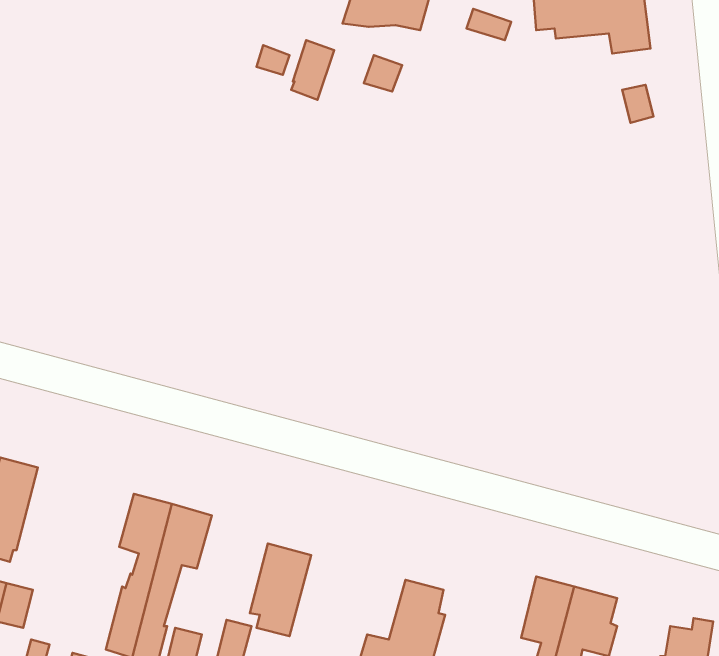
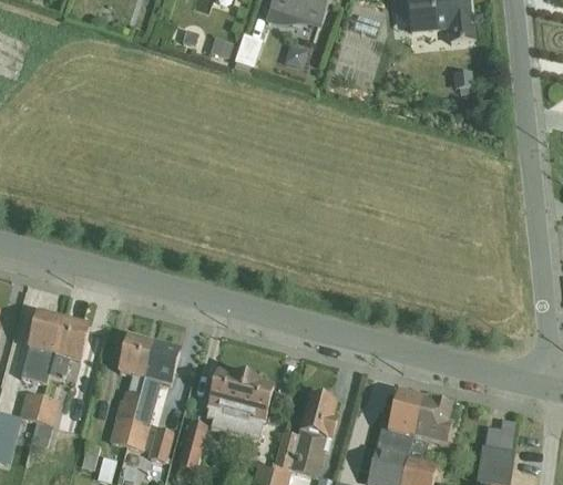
building: none -> [50,318,90,378]
building: none -> [233,376,274,437]

